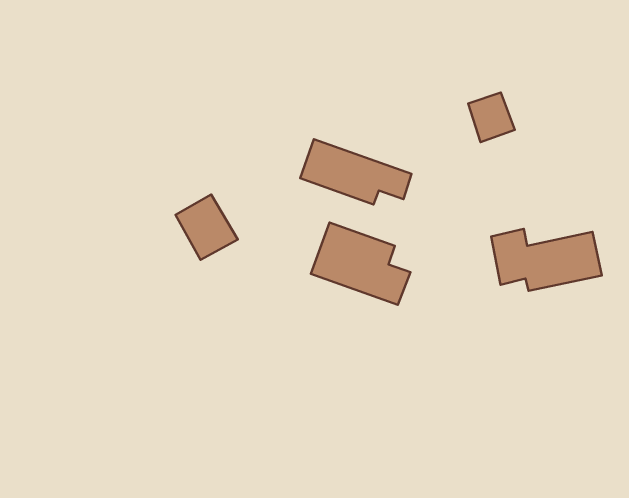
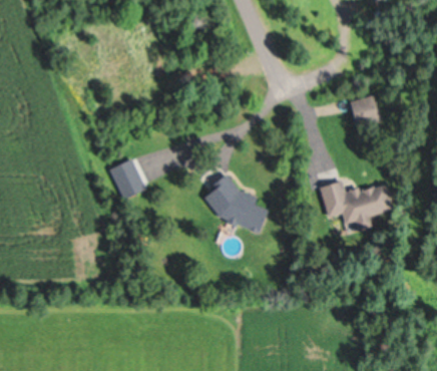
building: [468,93,515,142] -> [349,95,379,127]
building: [300,139,412,204] -> none

